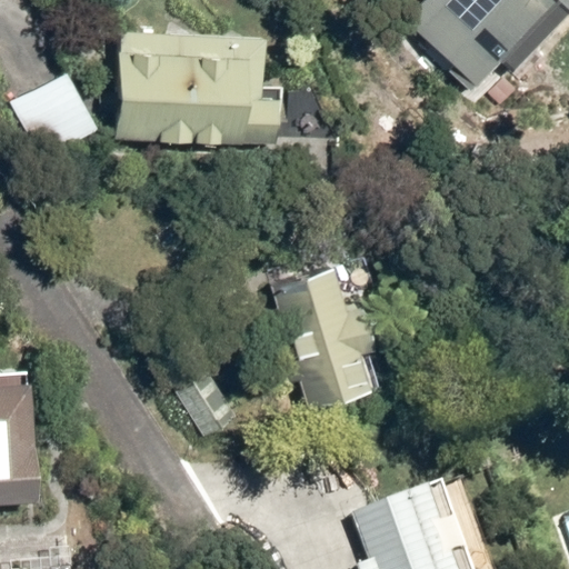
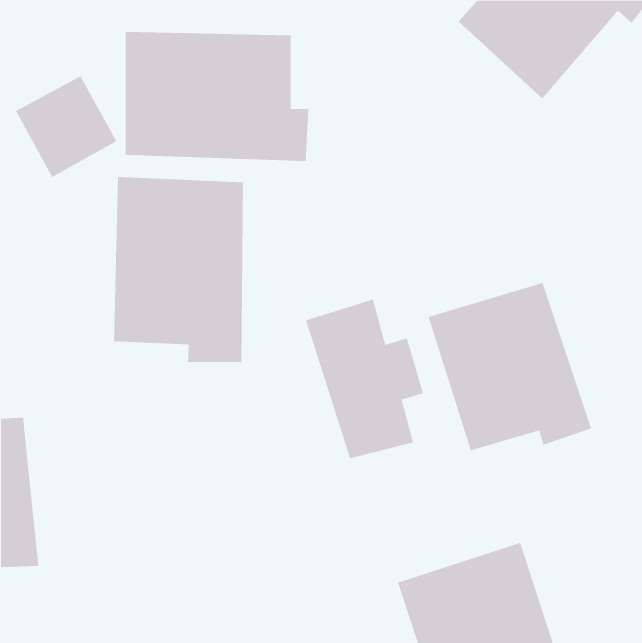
building: none -> [114,176,244,363]
building: none -> [428,282,592,451]

